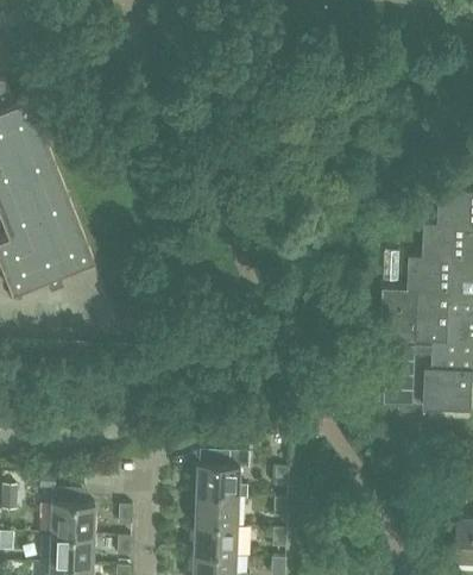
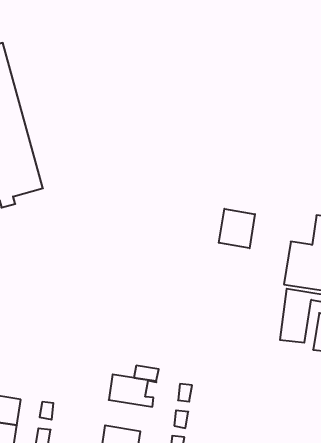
building: none -> [219,209,255,248]
building: [194,495,246,527] -> none

